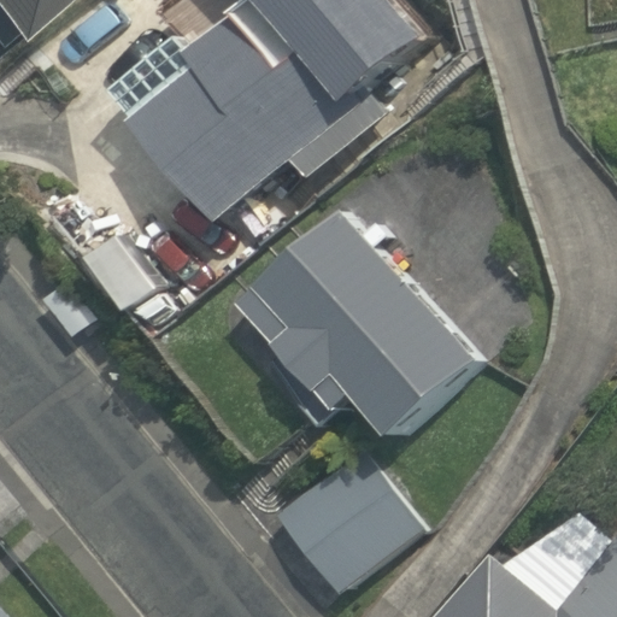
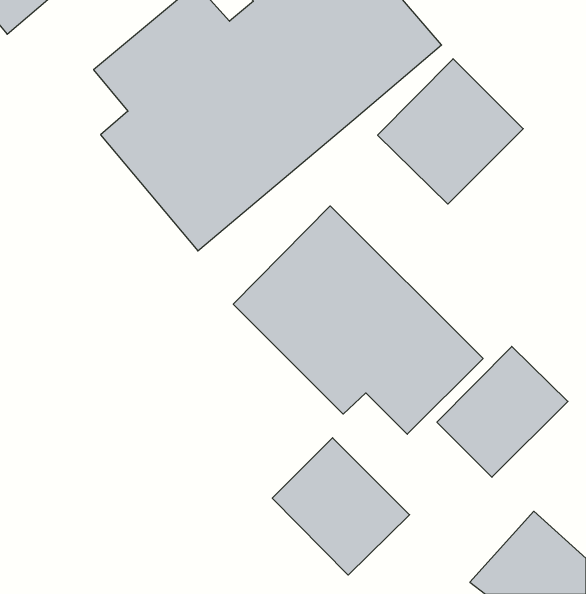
building: none -> [378,59,523,204]
building: none -> [437,346,568,477]

